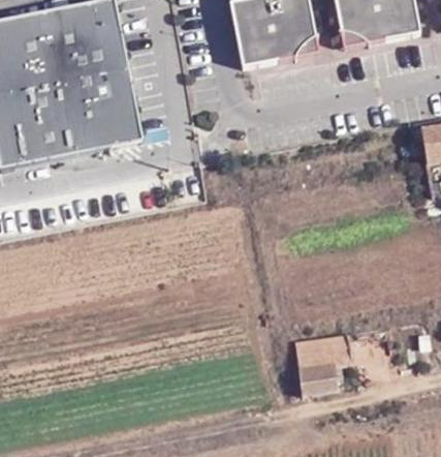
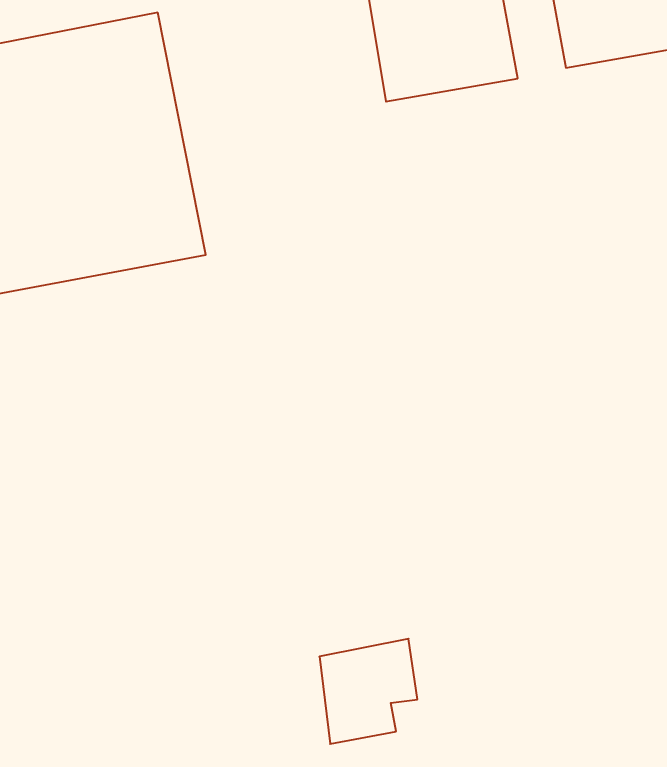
building: [291,331,348,392] -> [319,639,417,744]

